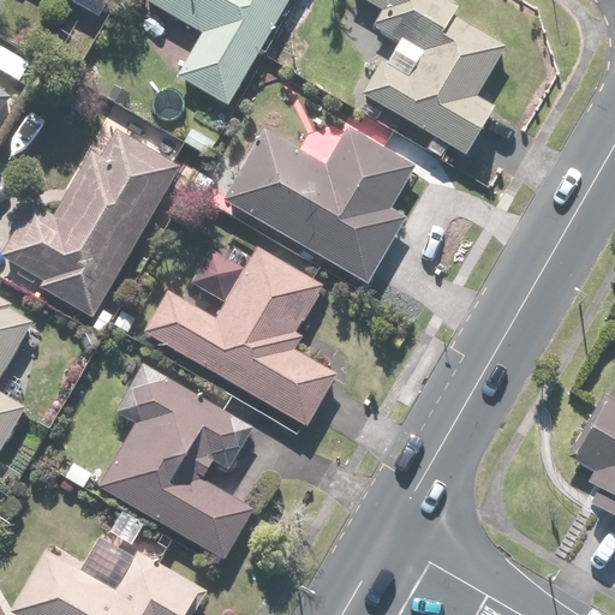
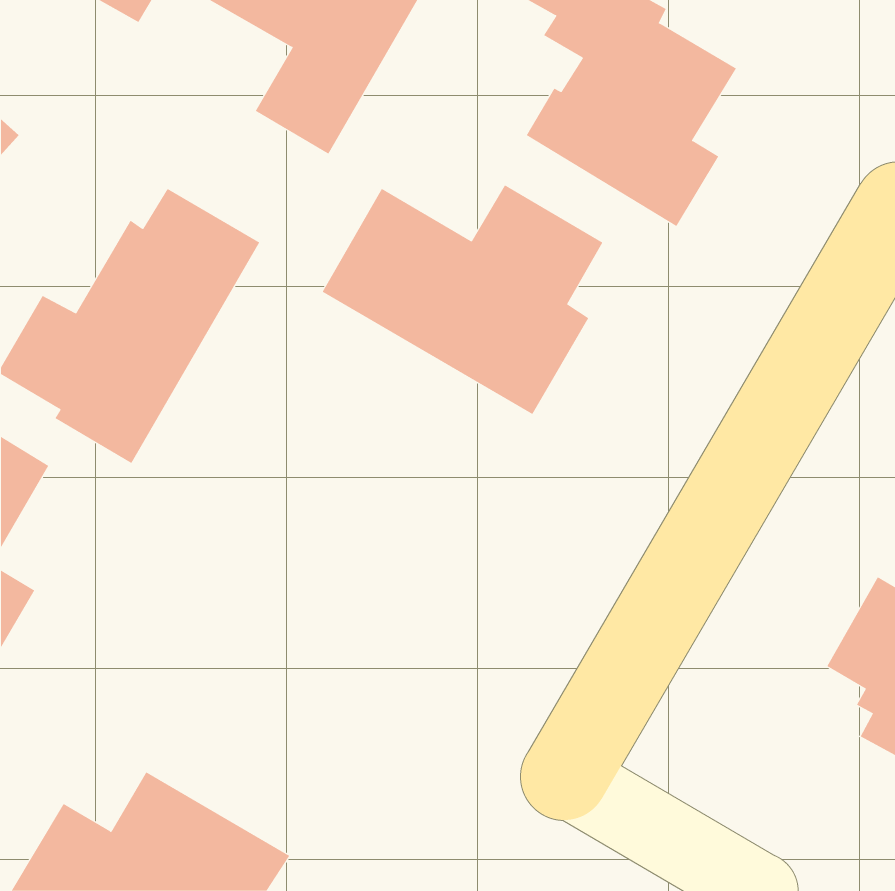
building: [143,234,338,429] -> none
building: [98,364,253,559] -> none

